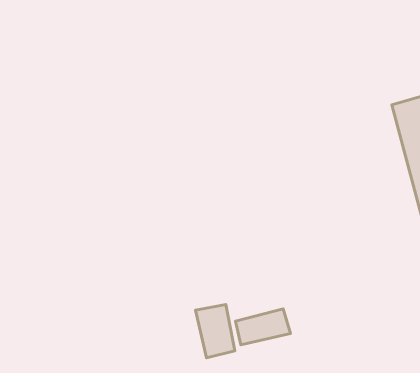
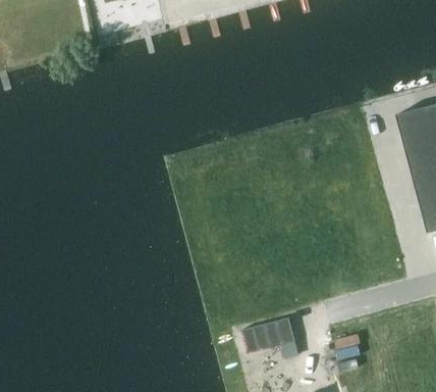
building: [195,305,235,358] -> none

